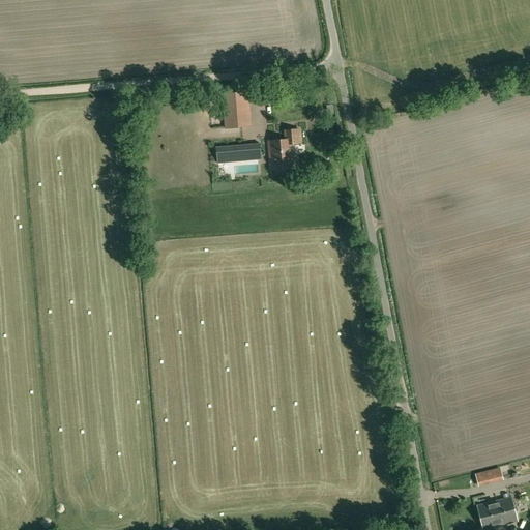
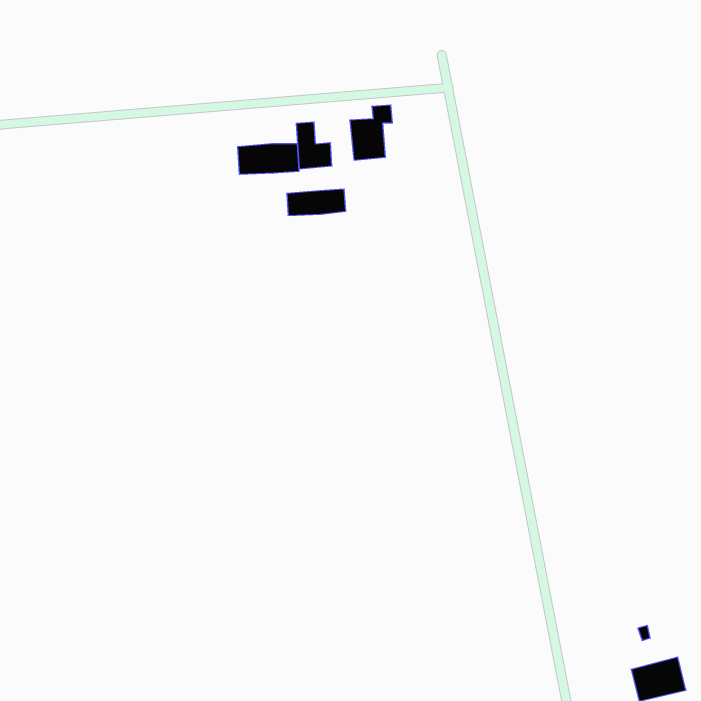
building: none -> [238,144,299,174]
building: [268,129,300,171] -> [350,105,392,160]

